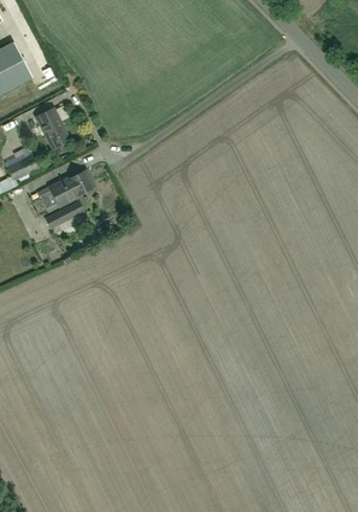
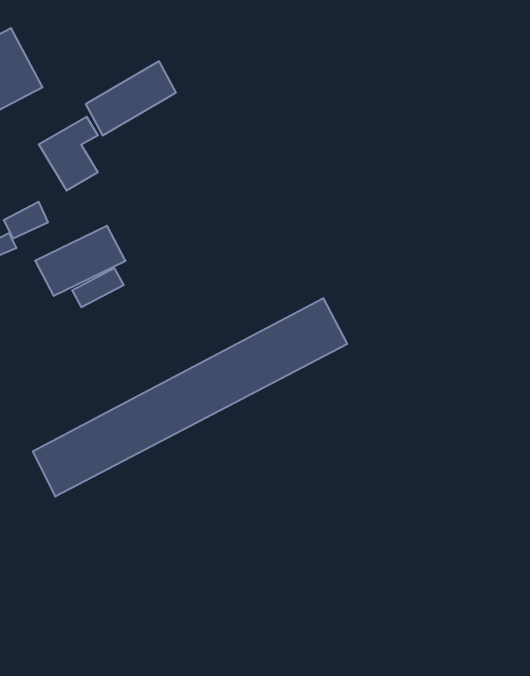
building: none -> [86,61,176,136]
building: none -> [33,298,347,497]

